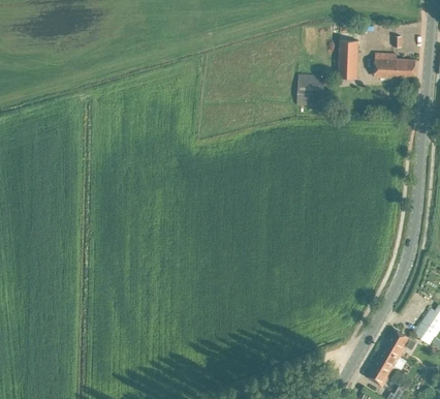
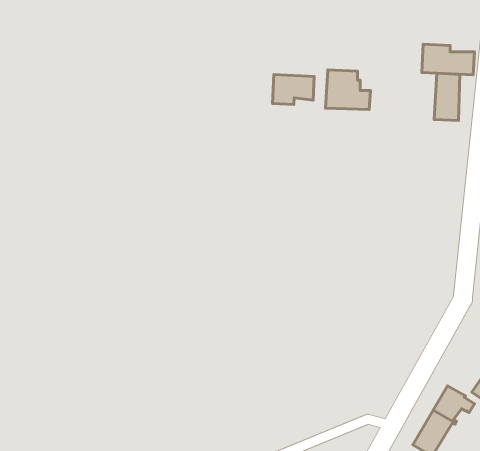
building: [338,40,358,79] -> [434,73,460,121]
building: none -> [273,75,314,105]

